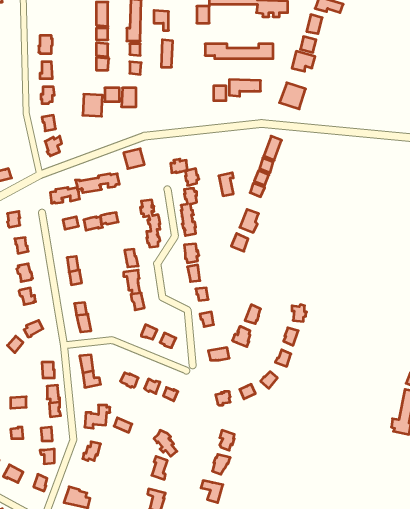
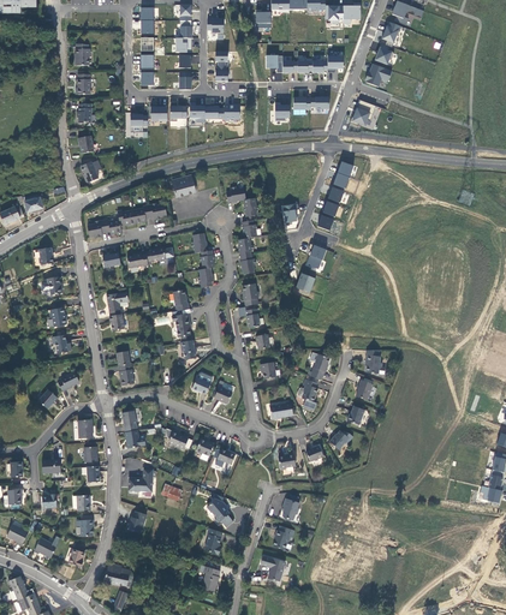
building: none -> [190,106,240,124]

